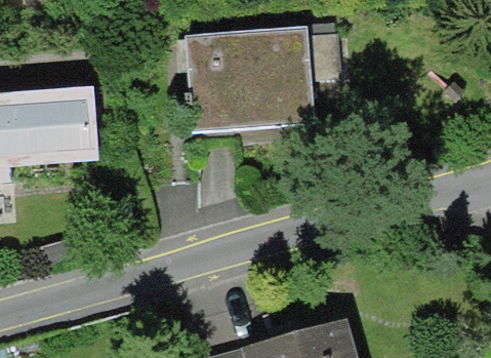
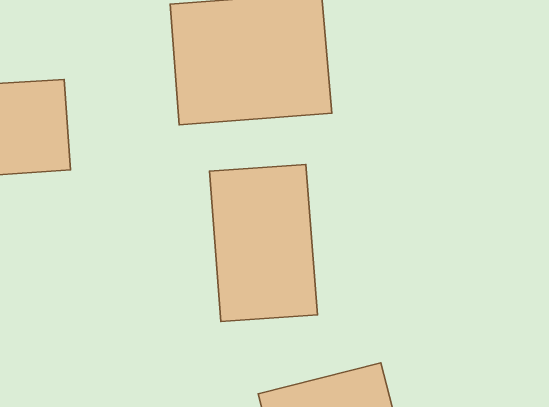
building: none -> [209,164,317,322]

